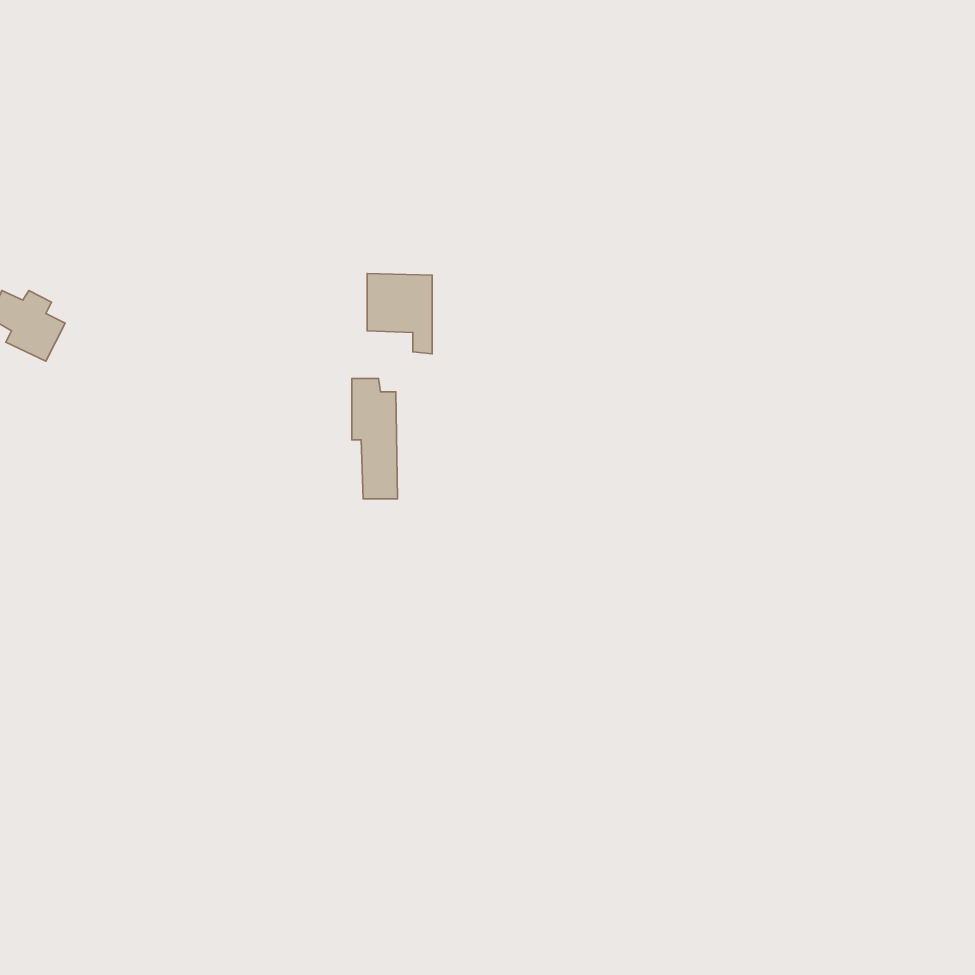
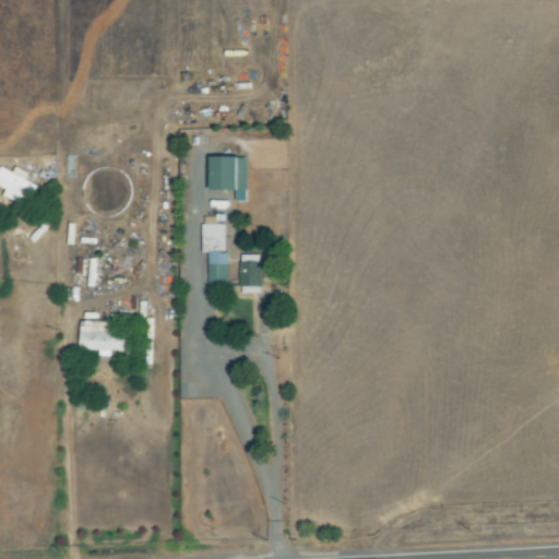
building: none -> [239,254,261,293]
building: none -> [80,313,127,357]

